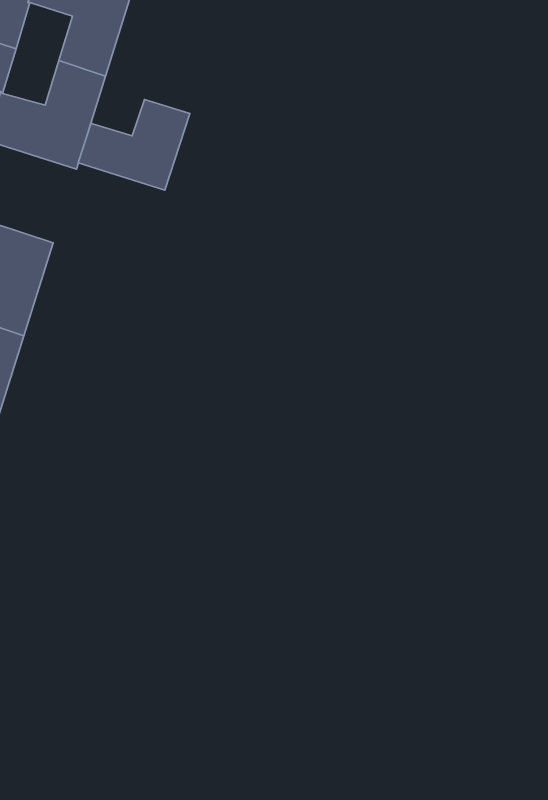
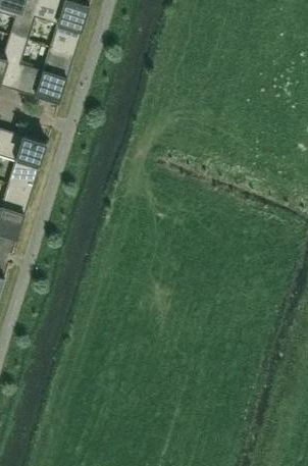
building: [78,99,190,190] -> none

